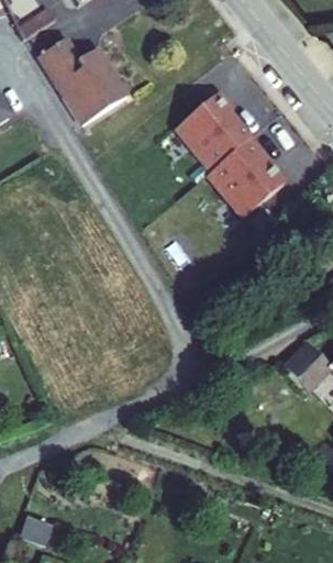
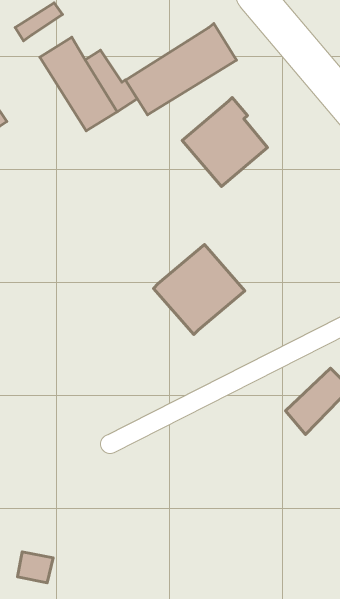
building: none -> [126,24,236,115]
building: [204,139,289,222] -> [153,244,245,335]

